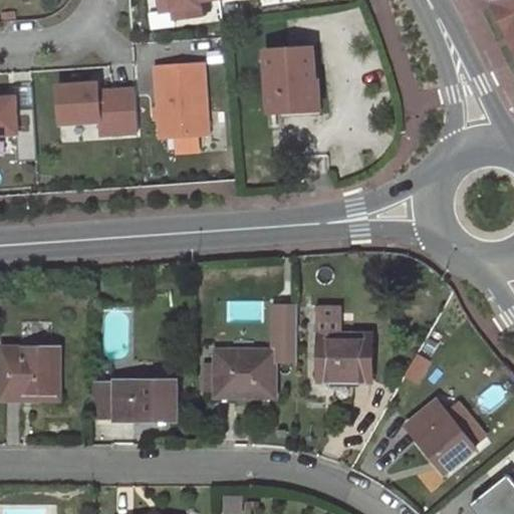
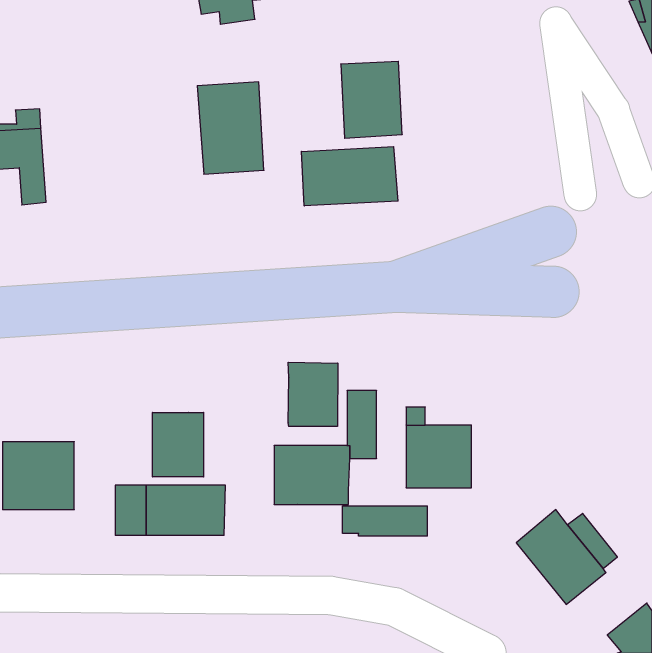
building: [56,83,137,135] -> none
building: none -> [301,147,398,206]
building: none -> [288,362,338,426]
building: none -> [153,412,204,477]
building: none -> [343,506,427,536]

